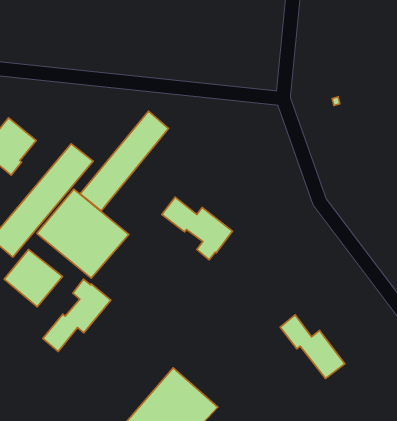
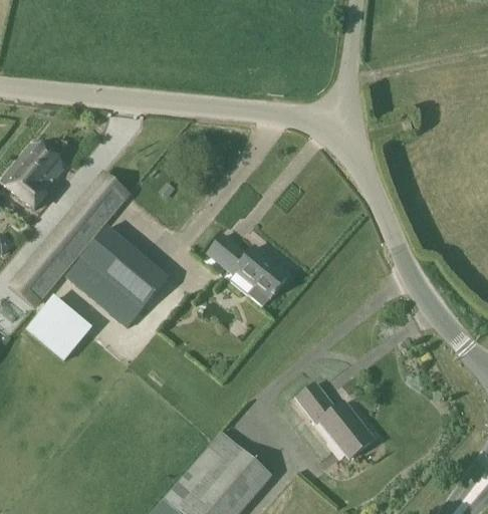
building: [80,111,169,211] -> none
building: [43,279,111,352] -> none
building: [280,315,345,379] -> [297,383,372,457]

